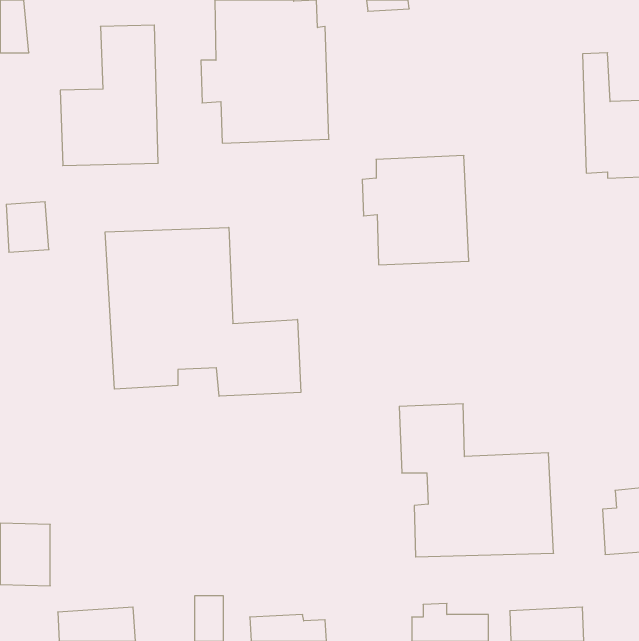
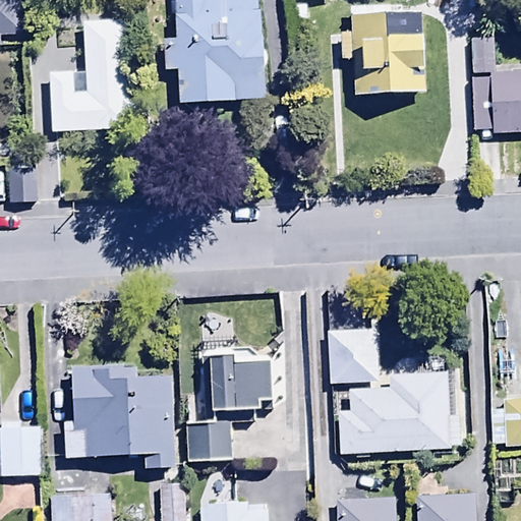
building: [362,156,469,265] -> [341,19,427,108]
building: [105,227,301,396] -> none
building: none -> [184,346,273,460]
building: none -> [61,362,177,467]

